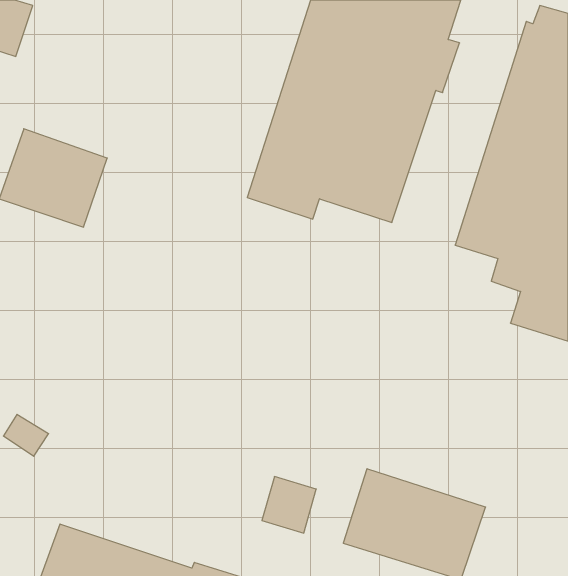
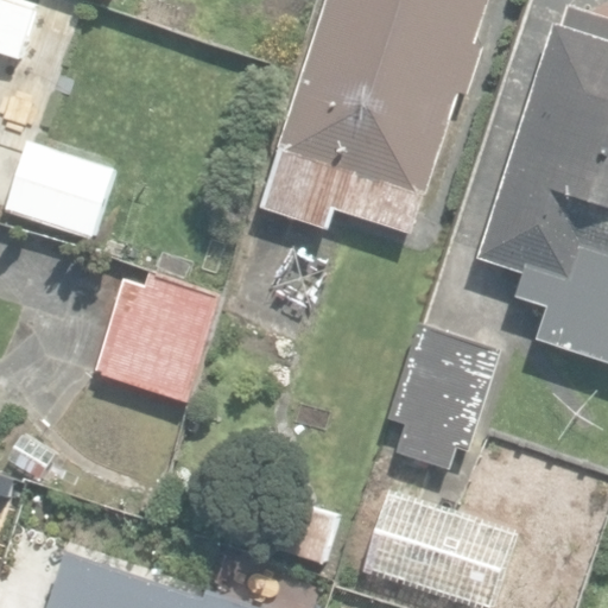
building: none -> [95,274,217,401]
building: none -> [388,324,500,470]

